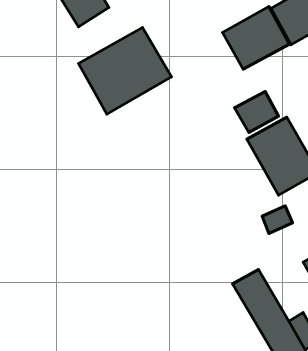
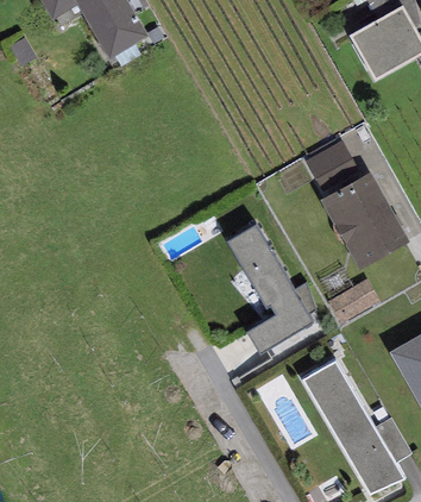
building: [222,7,289,69] -> none
building: [79,28,171,114] -> none
building: none -> [228,225,313,357]

